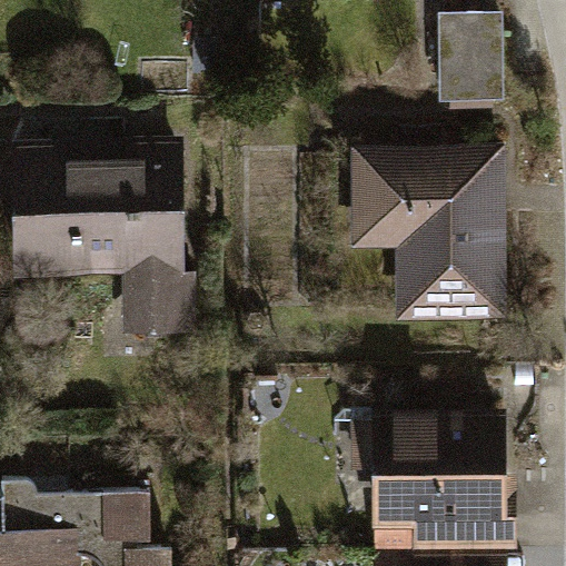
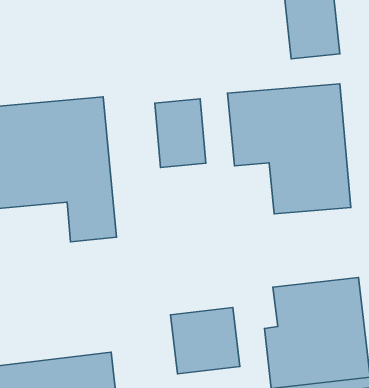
building: none -> [155,99,206,168]
building: none -> [170,308,240,374]

